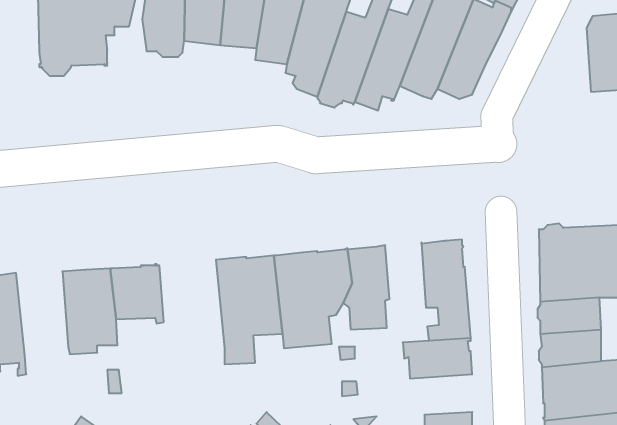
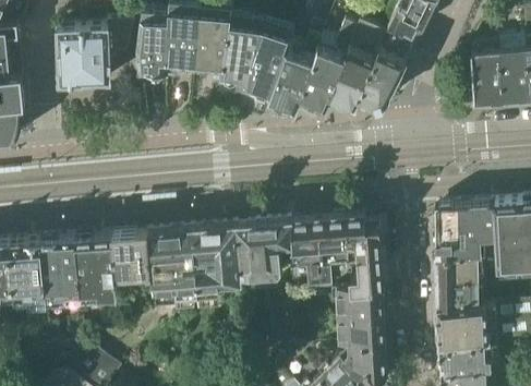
building: none -> [318,218,349,282]
building: none -> [143,231,197,312]
building: none -> [40,240,80,303]
building: none -> [331,317,385,348]

